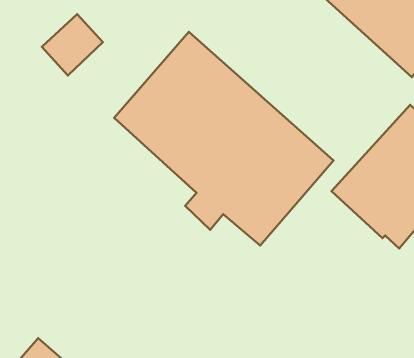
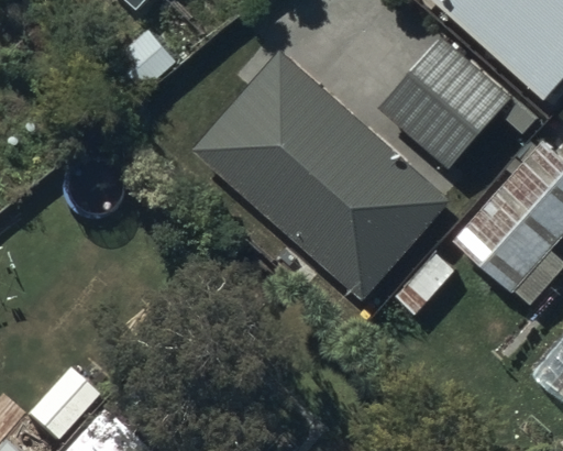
building: none -> [379,35,514,169]

